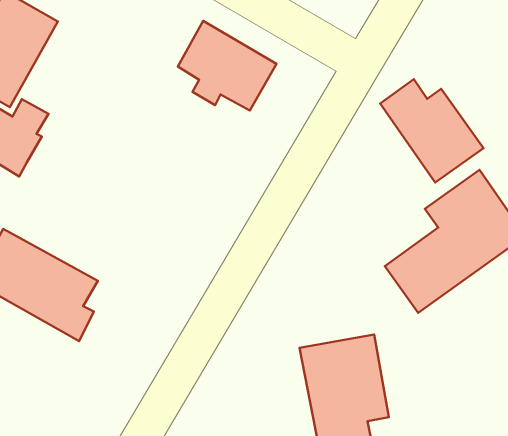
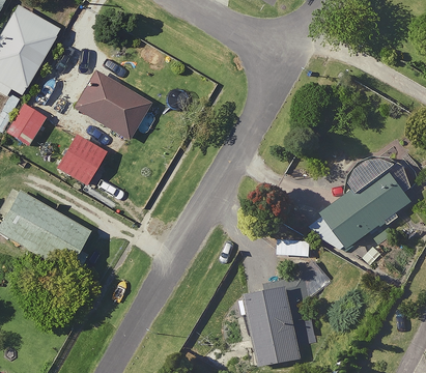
building: [178,21,277,110] -> [74,70,150,140]
building: [380,79,484,183] -> none
building: none -> [56,136,104,184]

